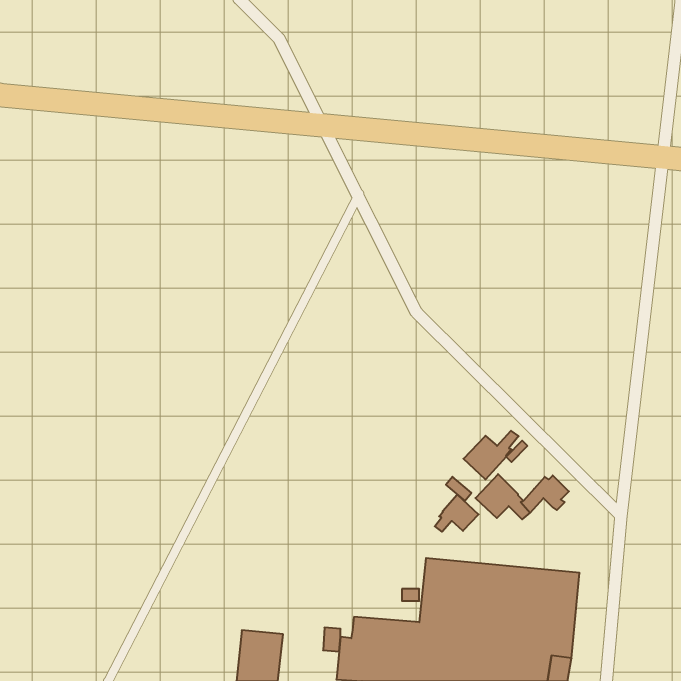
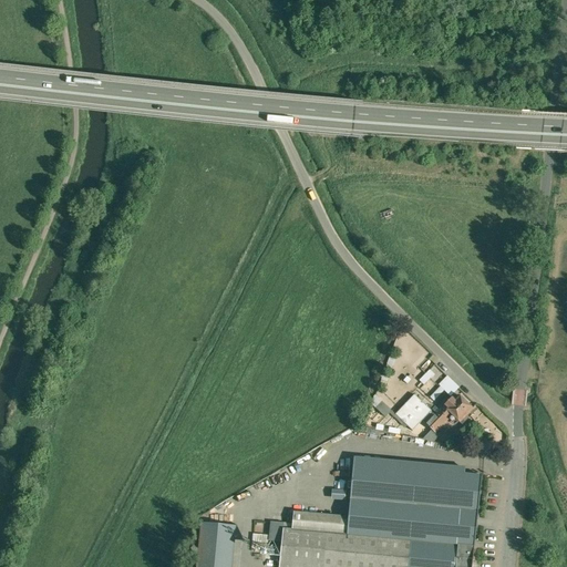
building: [463,431,519,480] -> none
building: [435,494,479,532] -> none

